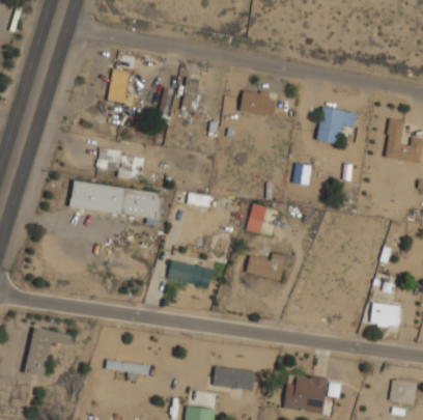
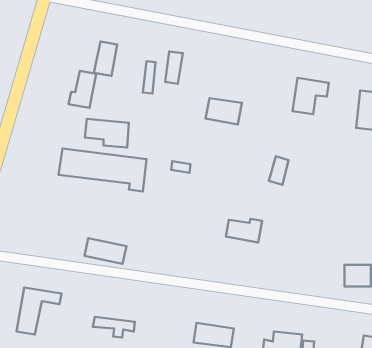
building: [239,89,278,117] -> [206,98,242,125]
building: none -> [69,71,96,108]
building: [246,203,266,233] -> [269,156,288,185]
building: [168,260,213,287] -> [84,238,126,264]

